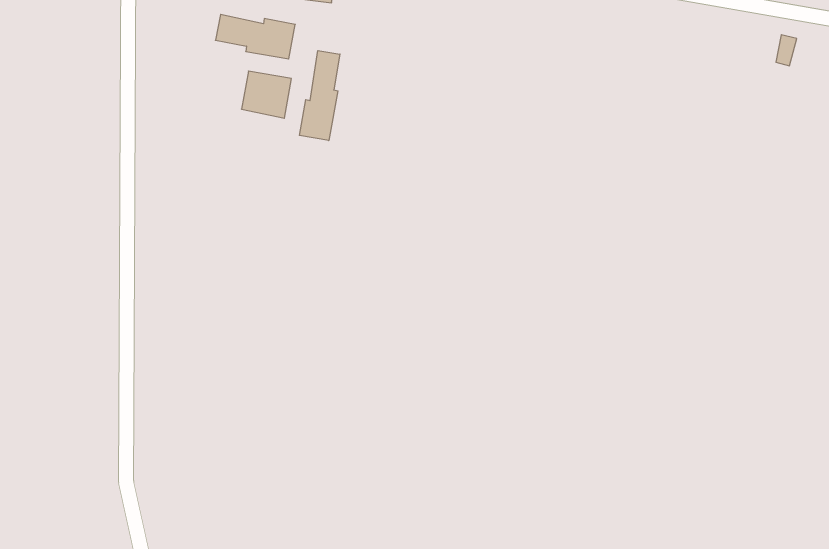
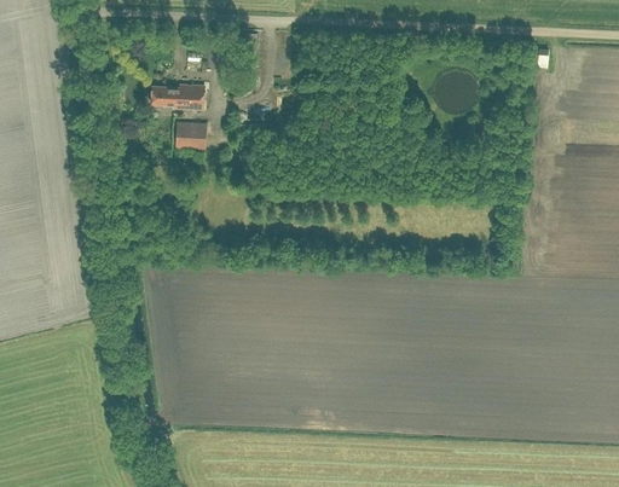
building: [299,51,340,141] -> none

